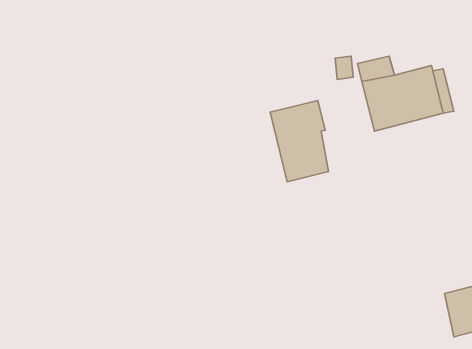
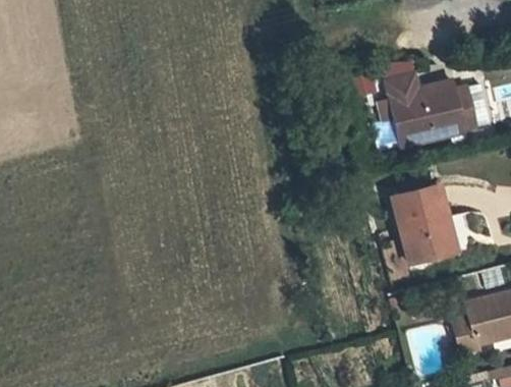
building: [270,100,328,182] -> [394,182,450,261]

